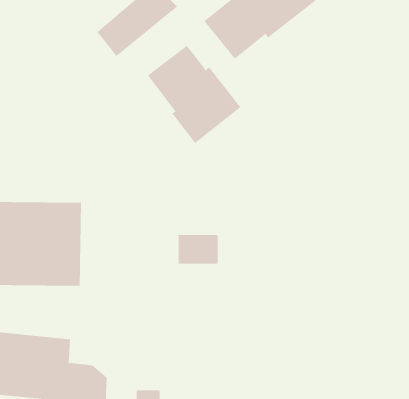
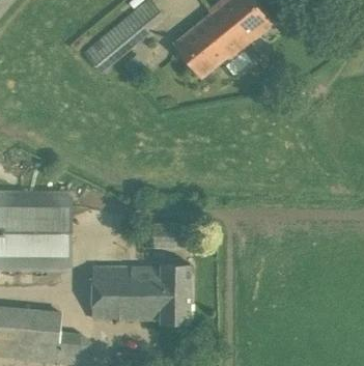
building: [147,45,241,144] -> none
building: none -> [90,264,188,322]

